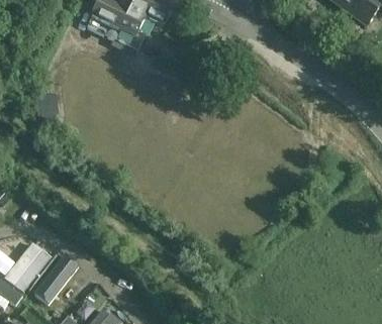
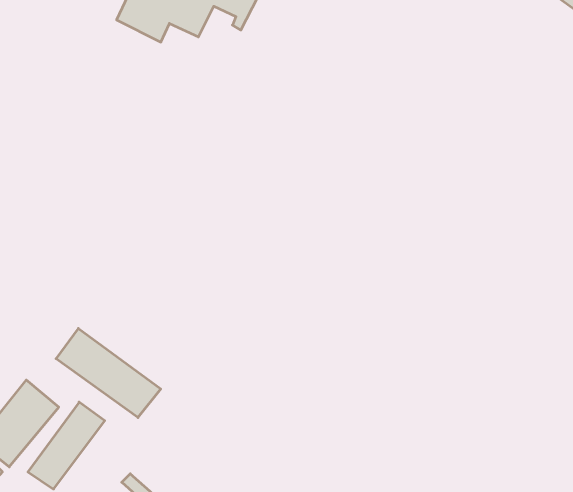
building: none -> [56,328,161,418]

